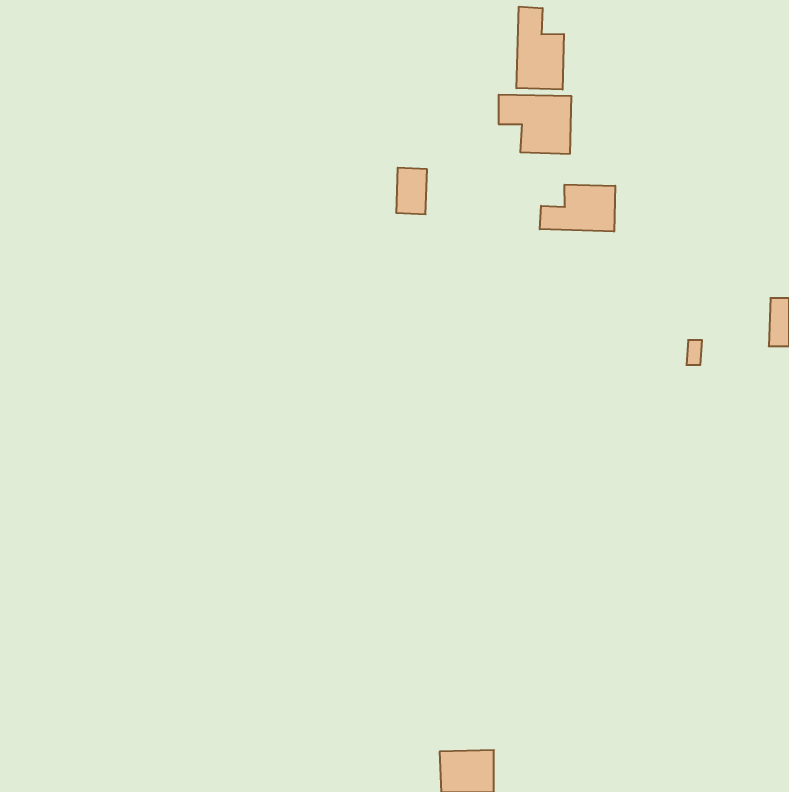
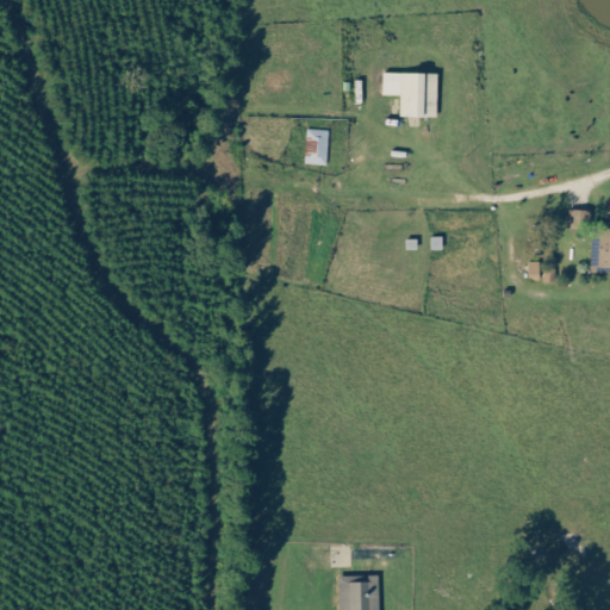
building: [516,7,564,90] -> none
building: [540,185,615,232] -> none

